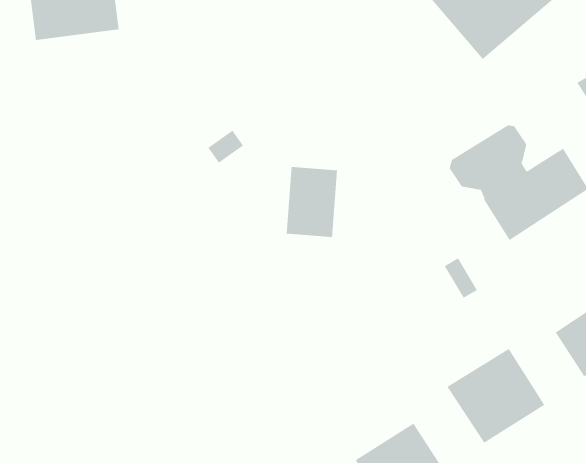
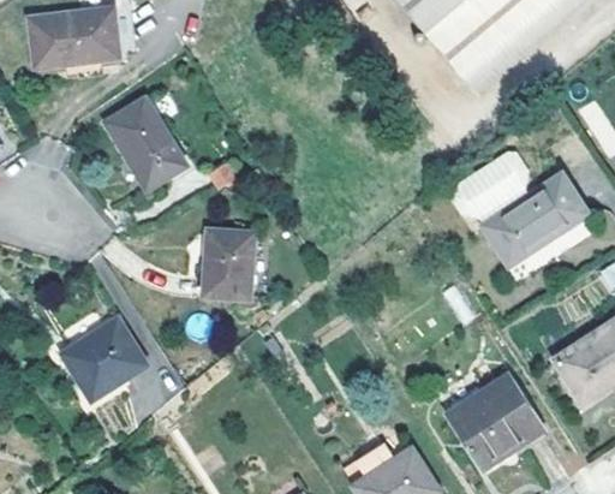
building: none -> [107,99,186,190]
building: [286,166,338,238] -> [204,228,256,299]
building: none -> [64,319,147,400]

